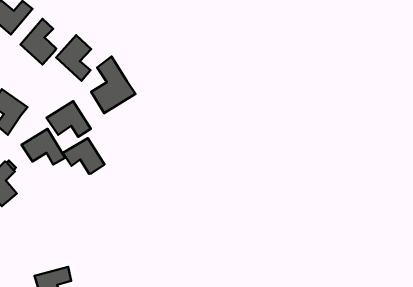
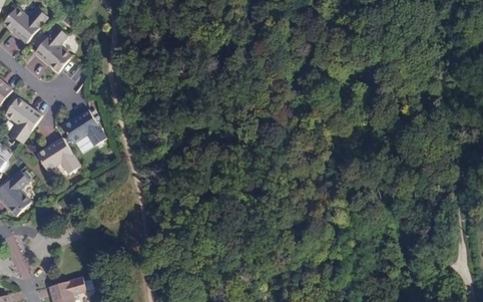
building: [56,35,91,81] -> none
building: [91,56,136,113] -> none
building: [63,138,105,174] -> none

